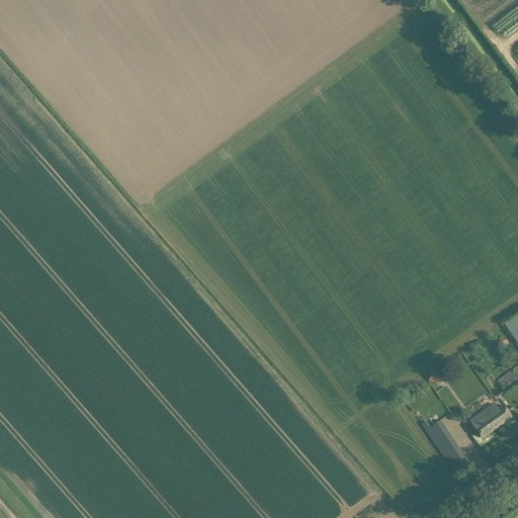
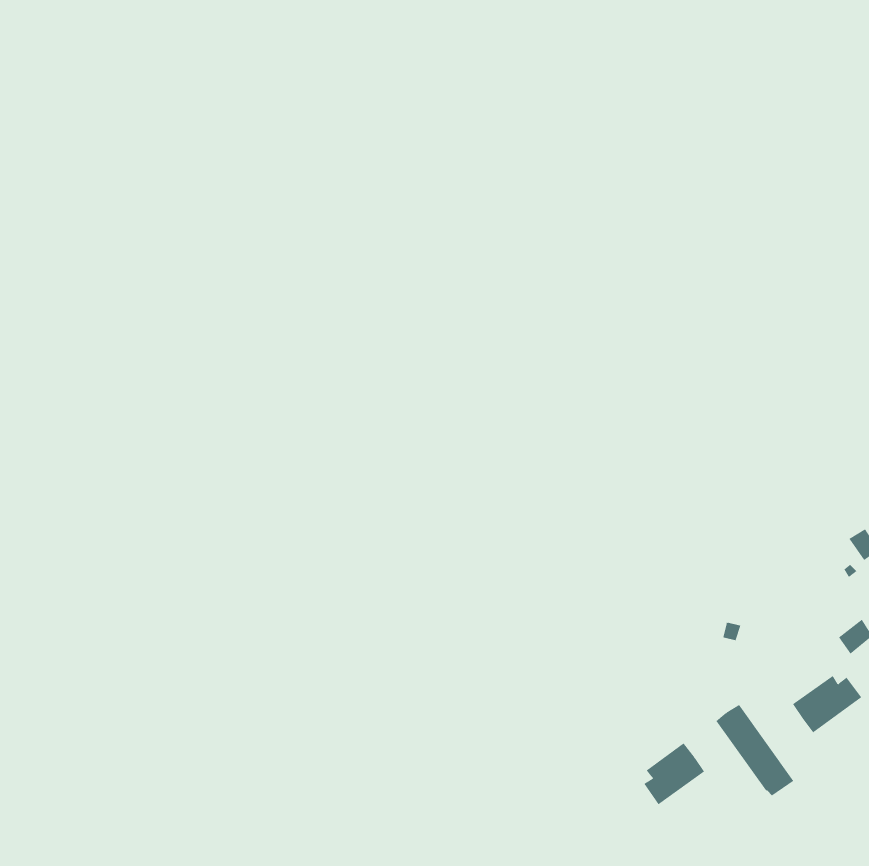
building: none -> [644,743,705,805]

